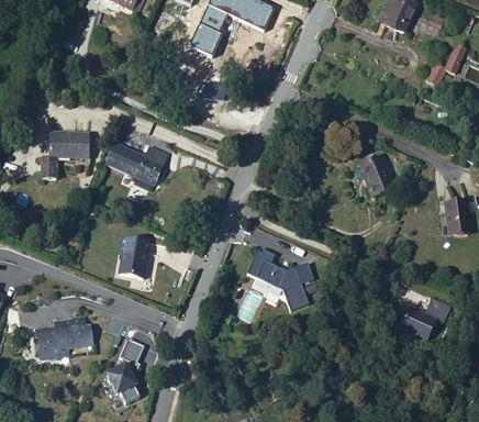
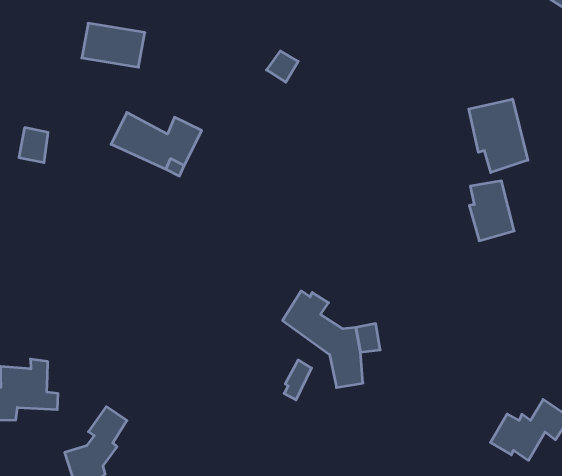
building: none -> [469,99,528,173]
building: [49,133,90,158] -> [82,23,145,67]
building: [120,242,152,285] -> none

